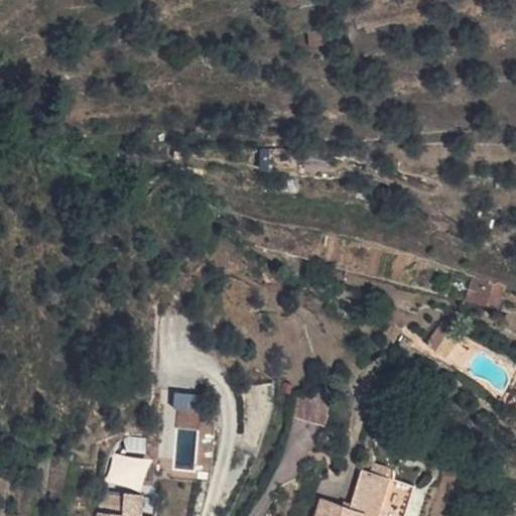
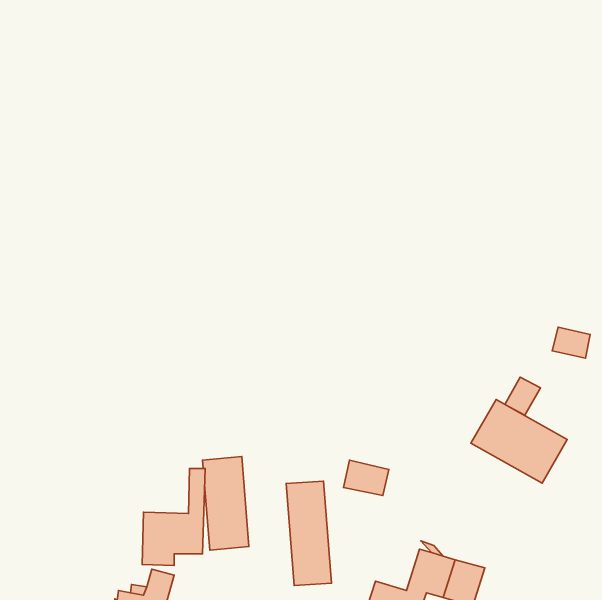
building: none -> [471,399,567,483]
building: none -> [286,481,332,585]

